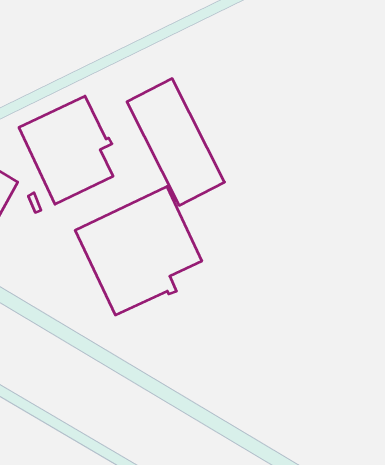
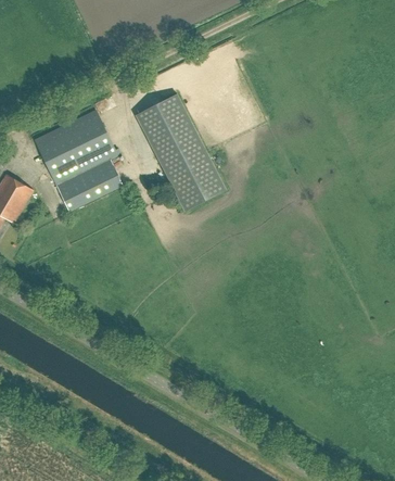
building: [75,186,202,315] -> none

